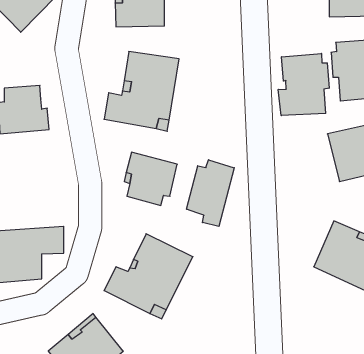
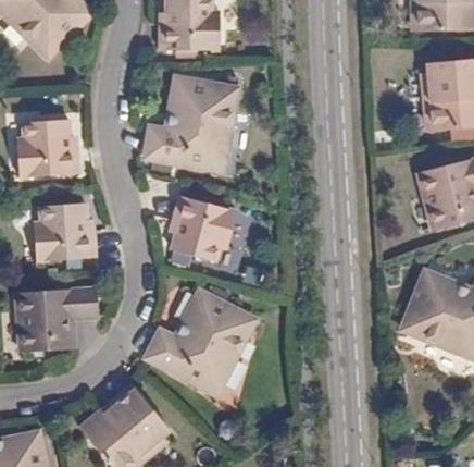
building: [278,53,329,116] -> none
building: none -> [37,199,99,257]
building: [187,160,234,226] -> none

